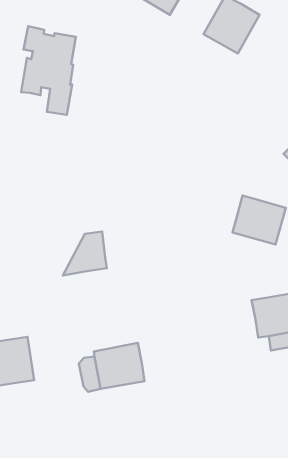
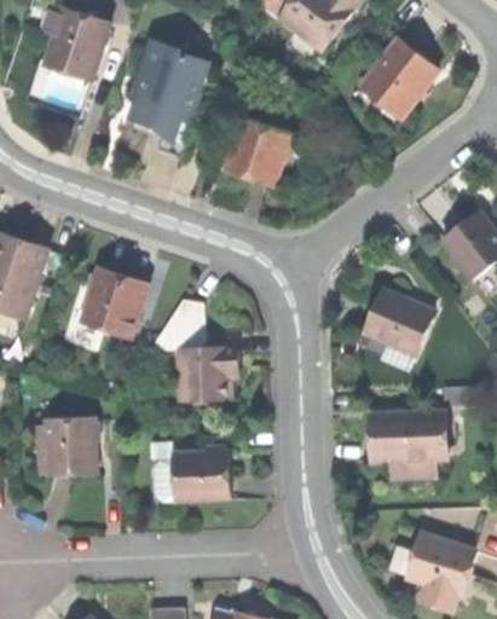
building: none -> [227,117,289,184]
building: none -> [80,271,144,336]
building: none -> [175,337,236,404]

